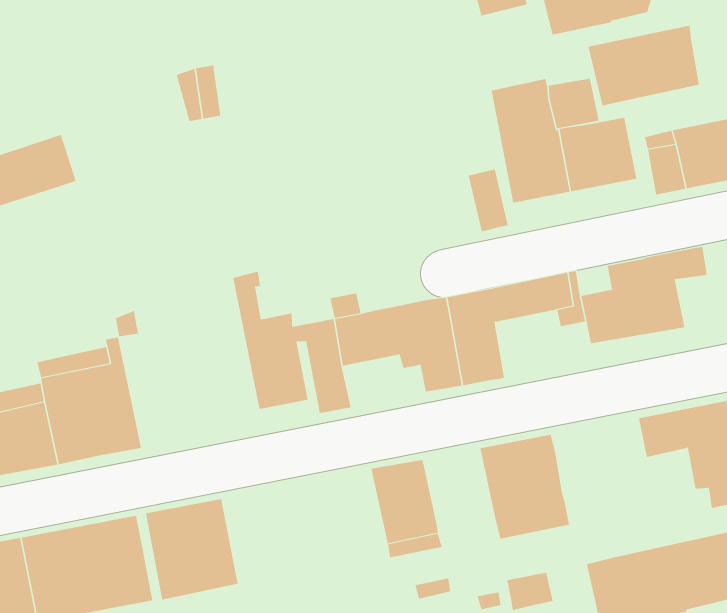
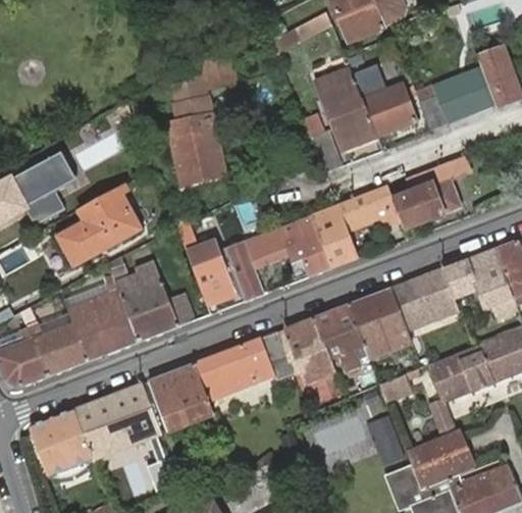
building: none -> [168,55,234,185]
building: [588,25,700,106] -> none
building: none -> [60,186,139,265]
building: none -> [115,262,194,342]
building: none -> [390,269,459,329]
building: none -> [314,305,364,370]
building: none -> [194,331,293,402]

